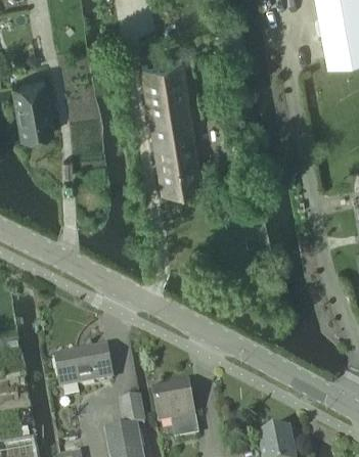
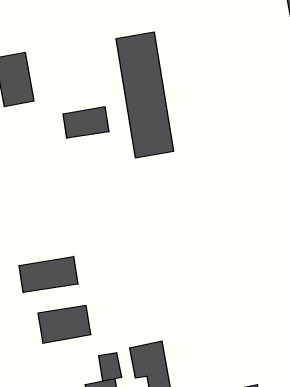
building: none -> [63,107,109,138]
building: none -> [19,256,78,293]

